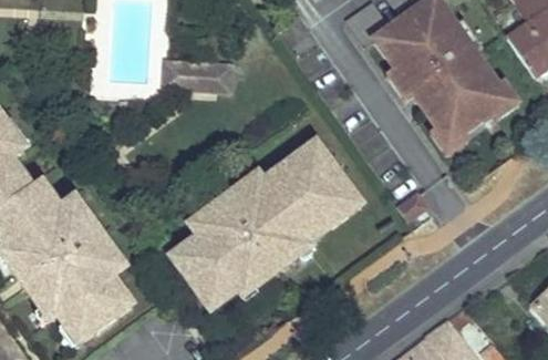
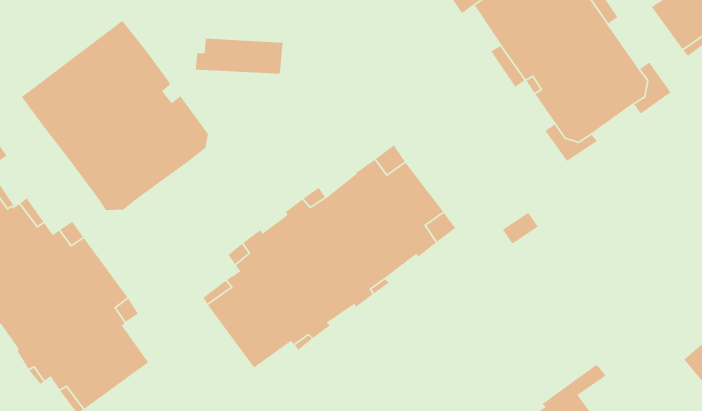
building: none -> [21,20,209,211]

